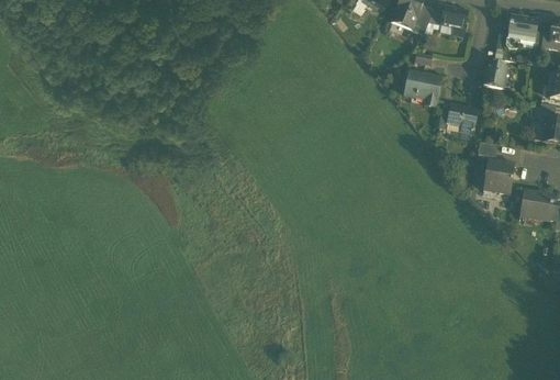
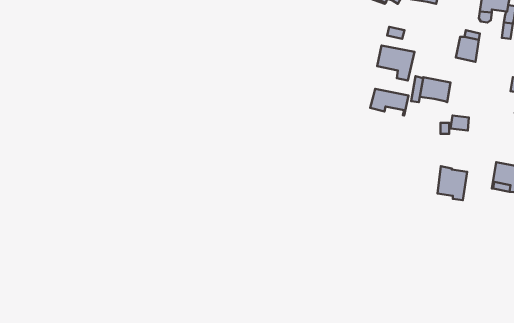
building: none -> [370,89,408,115]
building: [484,163,514,197] -> [438,166,467,200]

